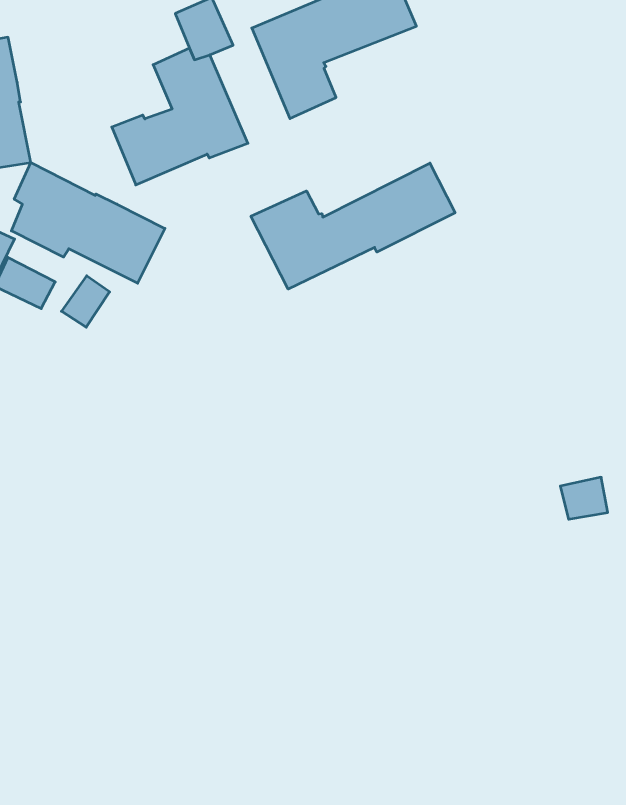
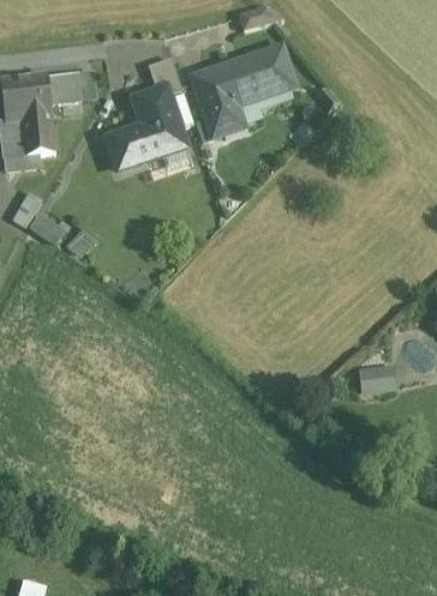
building: none -> [47,72,82,103]
building: [11,163,165,283] -> none
building: [251,163,455,289] -> none

